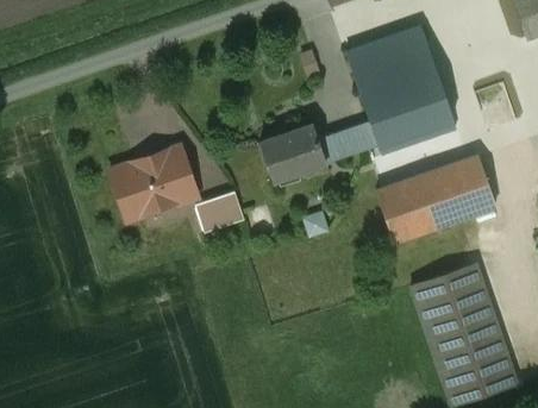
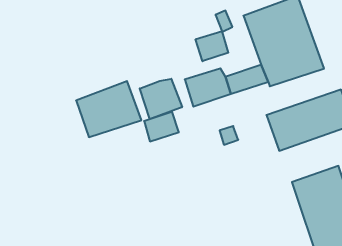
building: none -> [196,31,228,61]
building: none -> [140,79,182,119]

